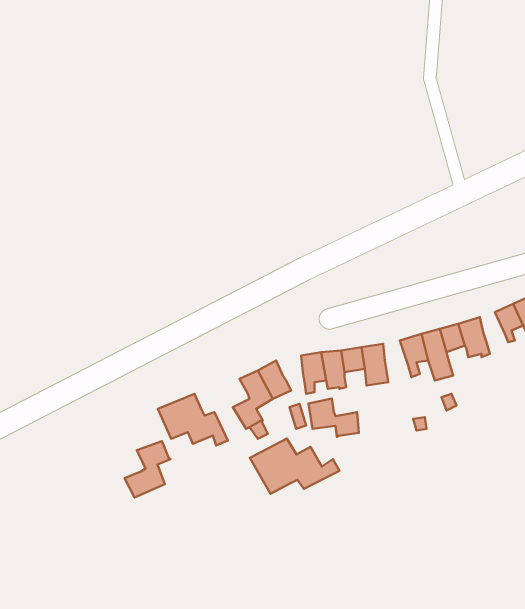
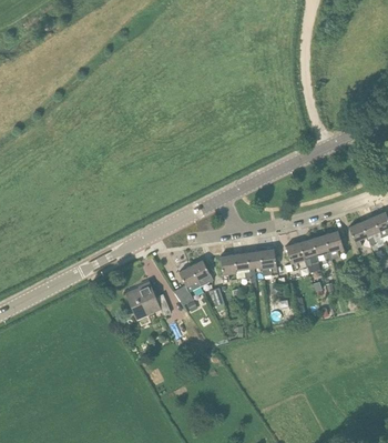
building: [308,399,359,437] -> none
building: [250,438,339,494] -> none
building: [125,441,170,498] -> none

